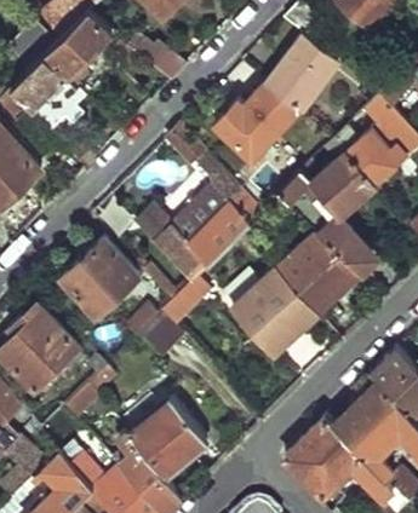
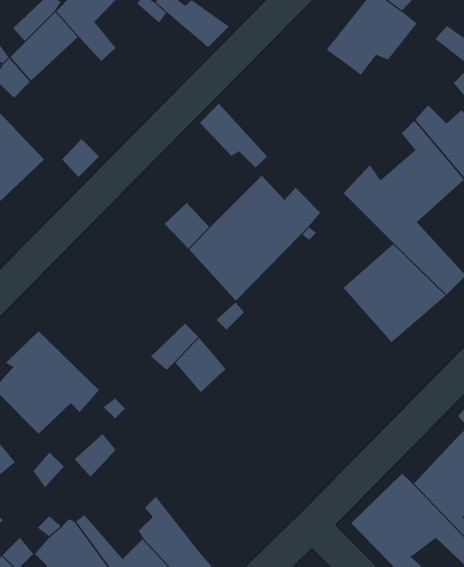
building: [214,81,298,160] -> none
building: [62,236,141,315] -> none
building: [235,270,317,353] -> none
building: [131,399,208,478] -> none

